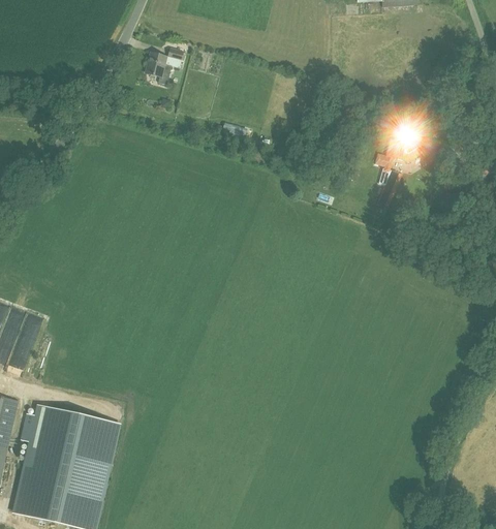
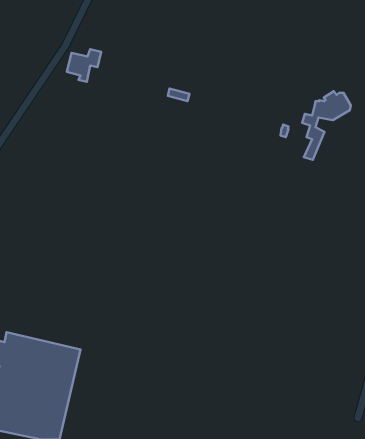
building: [144,46,183,84] -> [67,49,101,82]

